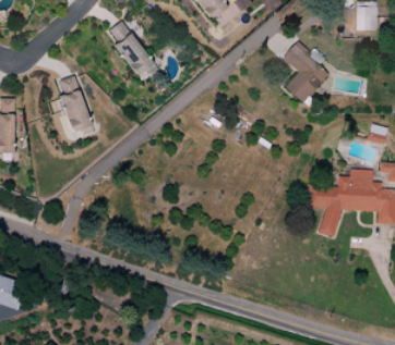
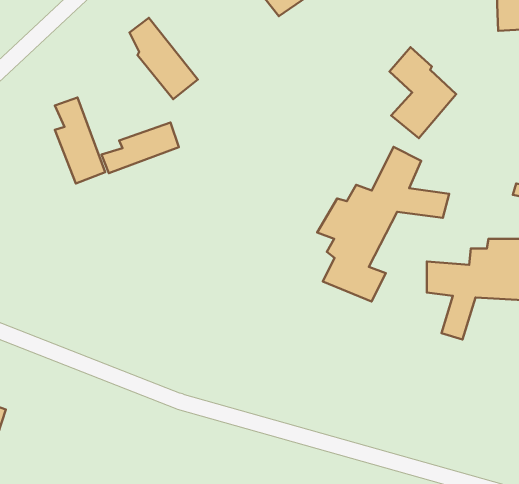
building: none -> [102,123,179,173]
building: none -> [317,147,449,302]

